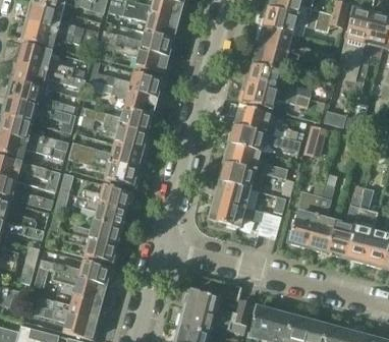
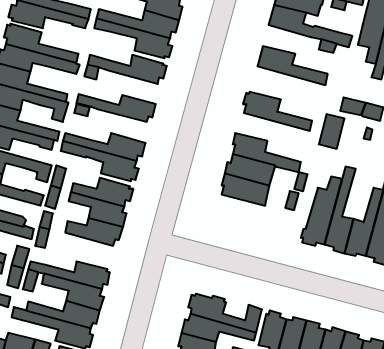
building: [253,44,296,70] -> none
building: [241,81,310,109] -> none
building: [110,85,159,116] -> none
building: [100,121,149,152] -> none
building: [227,124,300,151] -> none
building: [208,198,280,238] -> none
building: [63,231,118,264] -> none

